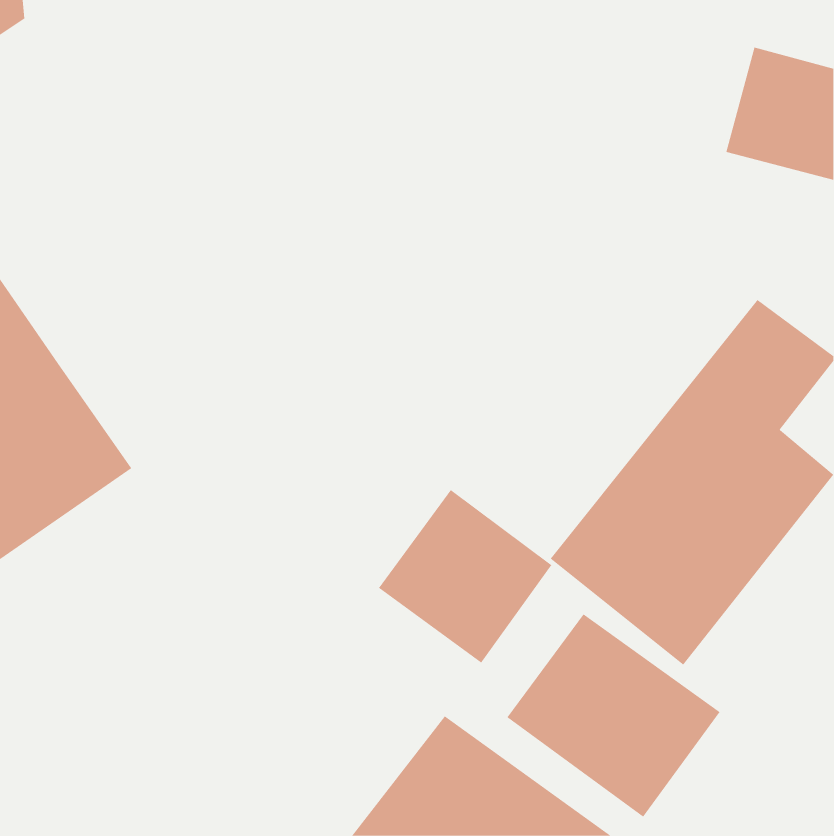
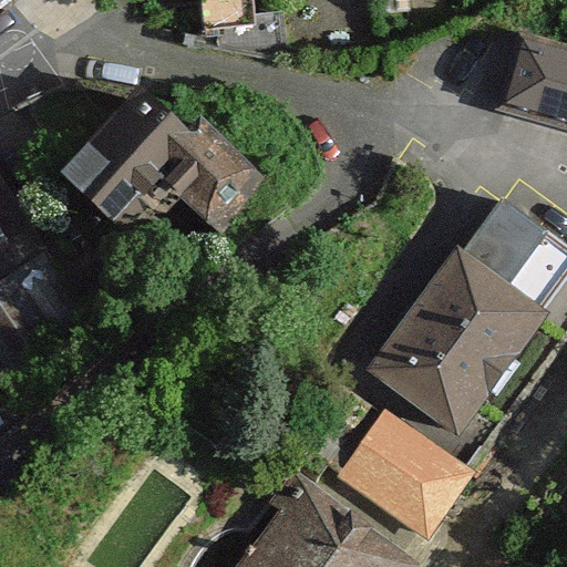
building: none -> [63,86,249,233]
building: [378,489,552,663] -> none

